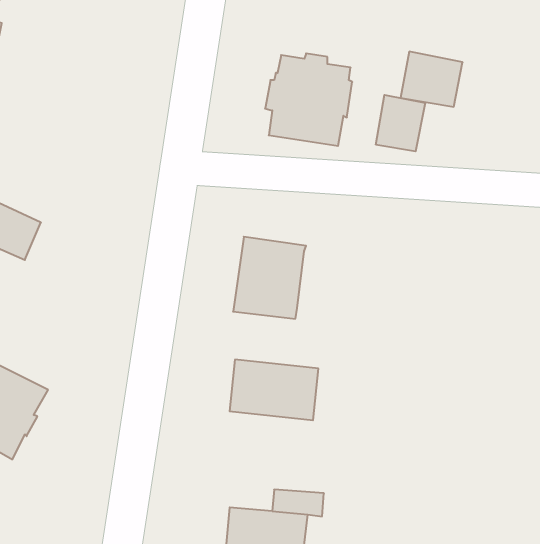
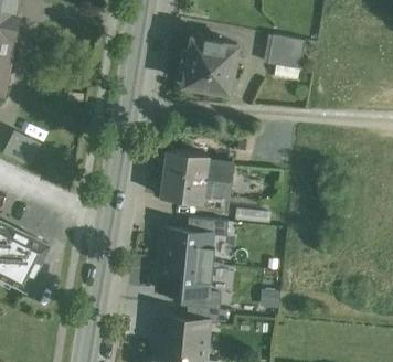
building: [376,95,425,151] -> none
building: none -> [202,159,235,198]
building: none -> [157,258,212,296]

